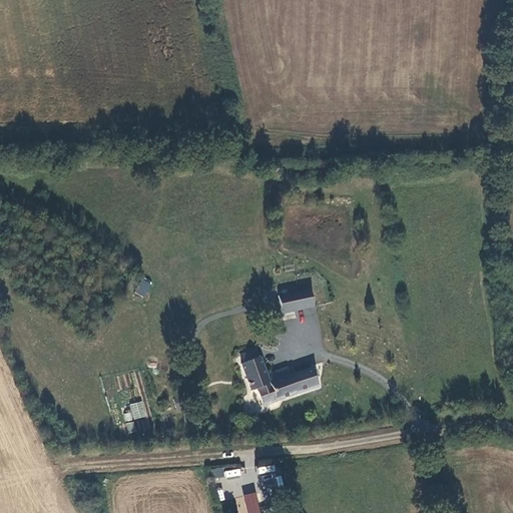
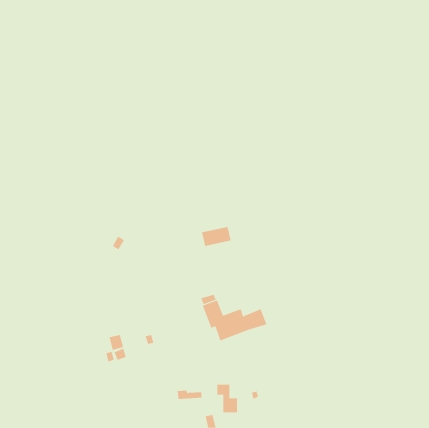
building: [279,289,315,313] -> [201,226,232,247]

